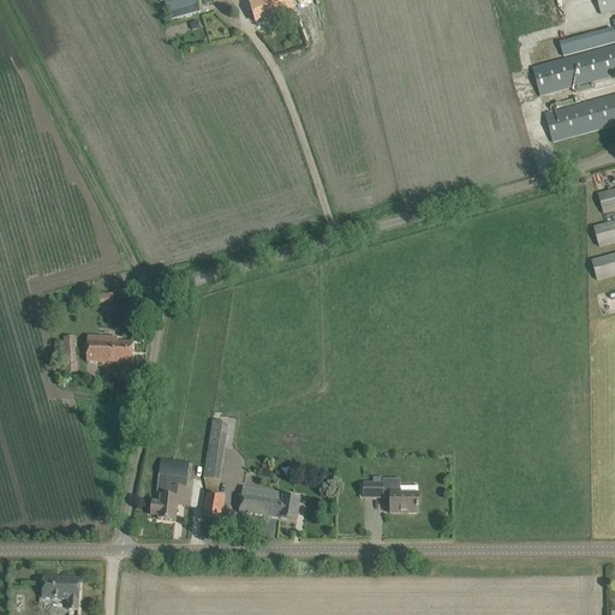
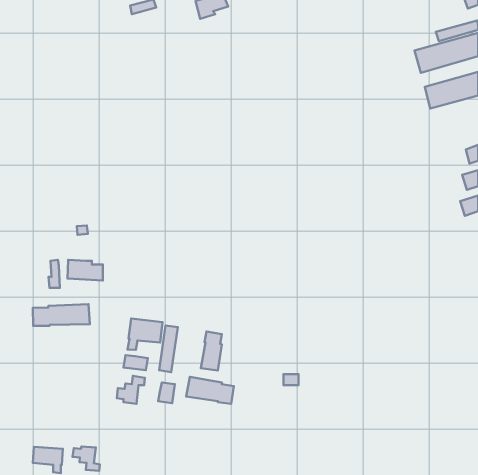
building: none -> [33,304,90,326]
building: none -> [128,318,163,350]
building: none -> [201,332,222,371]
building: [390,483,418,510] -> none
building: none -> [73,447,100,471]

